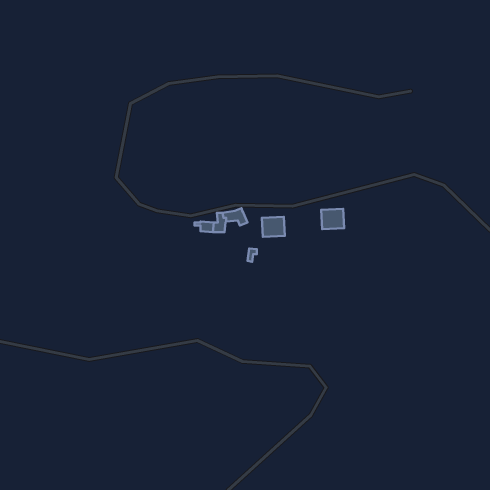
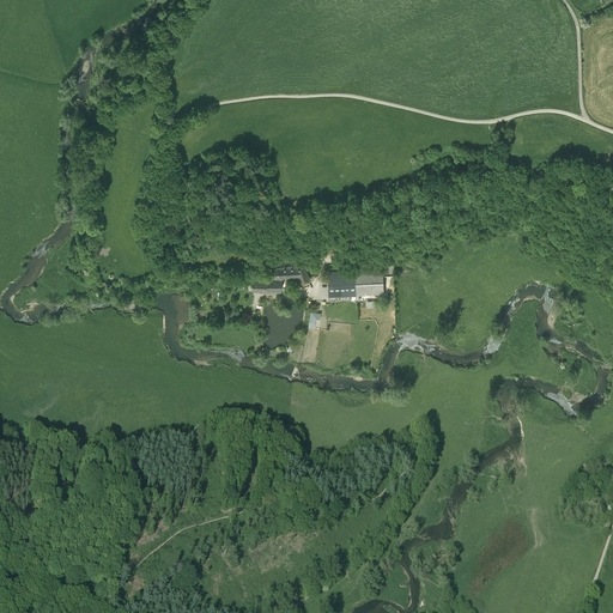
building: [321,209,344,229] -> [354,269,383,295]

